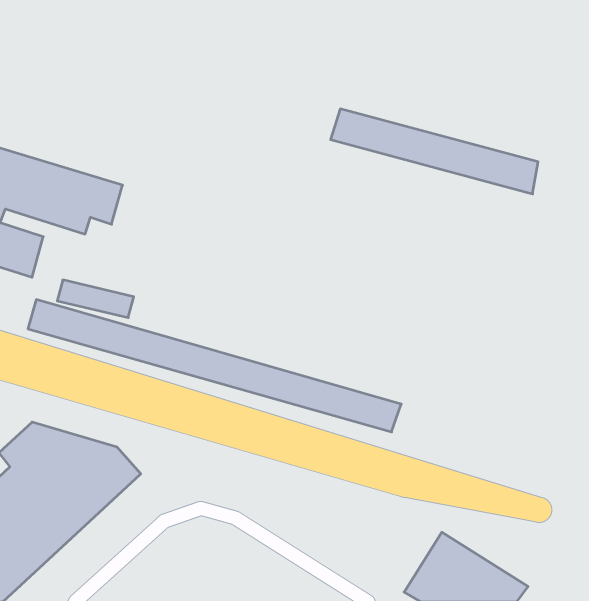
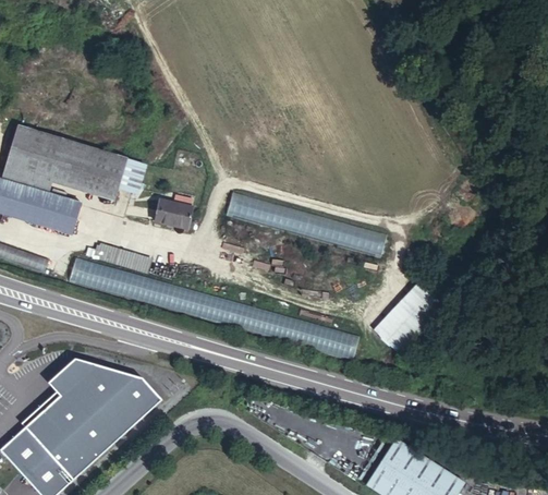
building: [331,109,538,194] -> [226,193,388,259]
building: none -> [153,201,190,231]
building: none -> [373,282,446,354]

